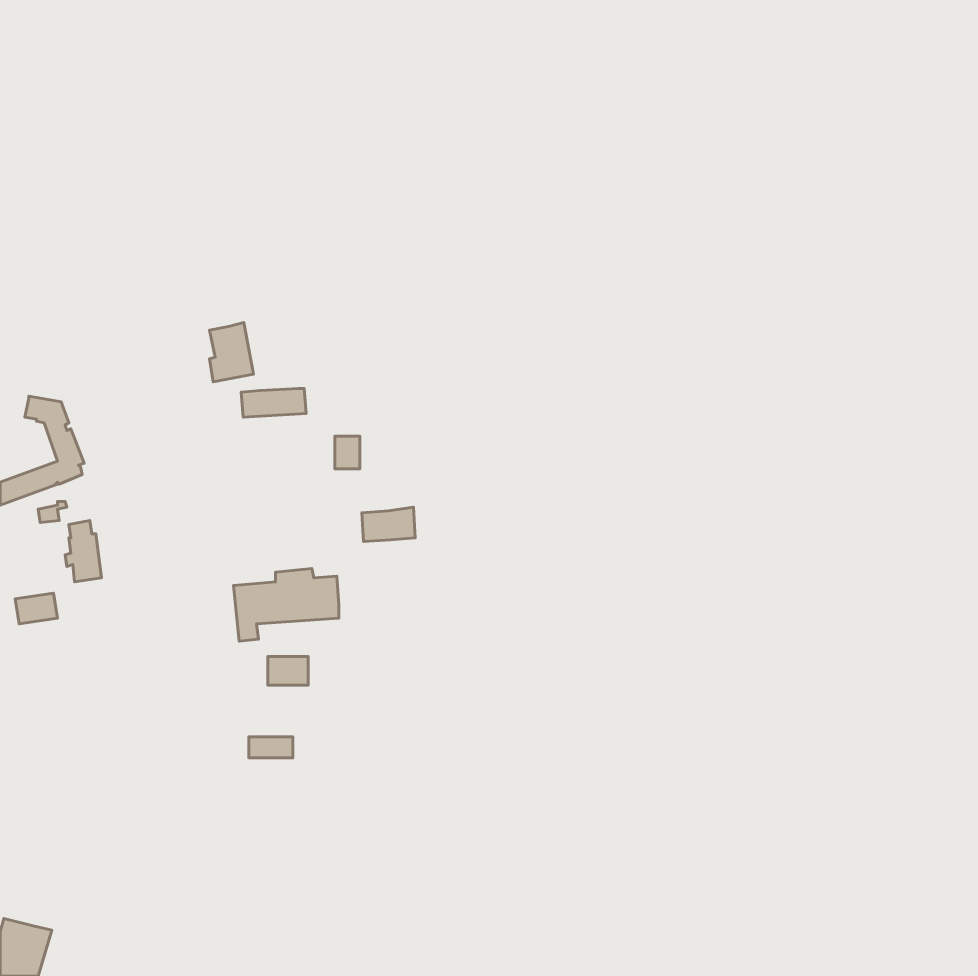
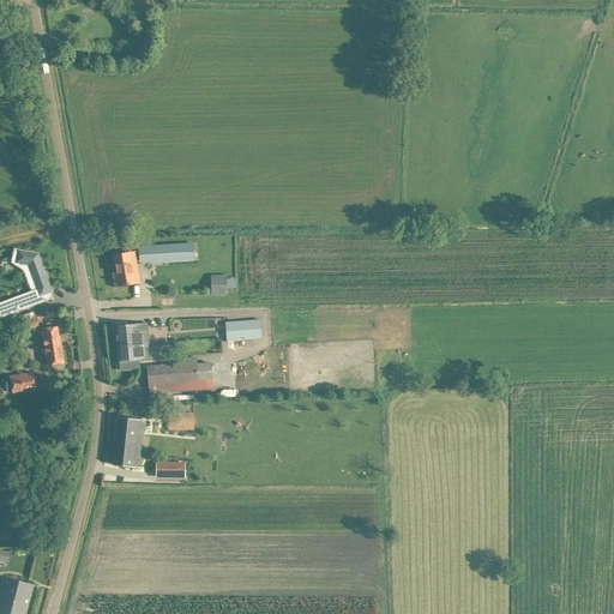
building: [209,323,253,382] -> [113,249,140,287]
building: none -> [115,321,150,361]
building: none -> [113,416,145,466]

